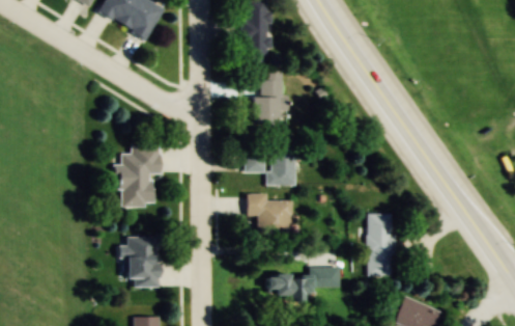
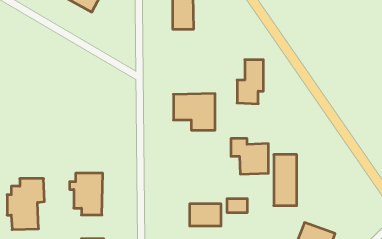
building: [252,72,284,126] -> [237,60,263,104]
building: [115,145,161,208] -> [7,179,44,230]
building: [247,193,292,237] -> [231,139,268,174]

